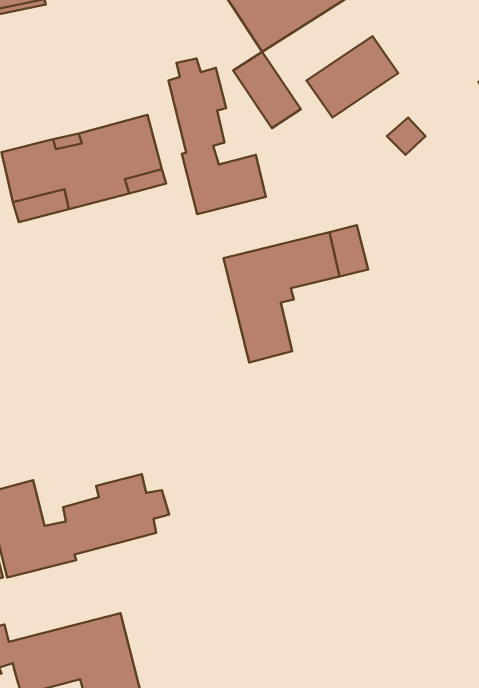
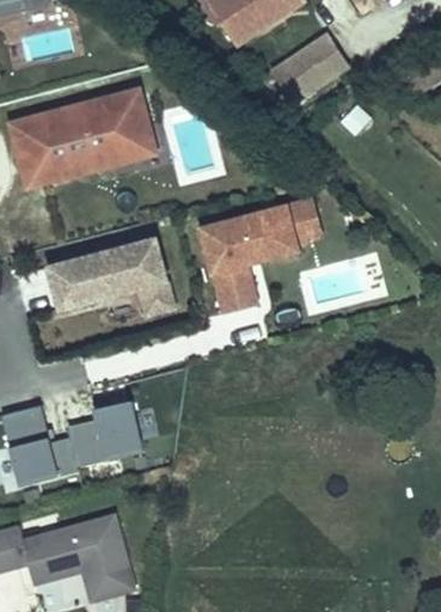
building: [233,52,301,128] -> none
building: [169,59,266,214] -> none
building: none -> [54,245,178,322]

